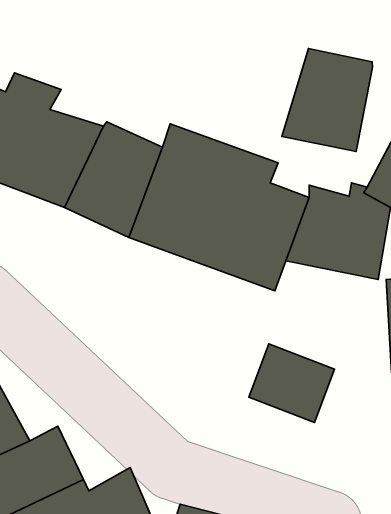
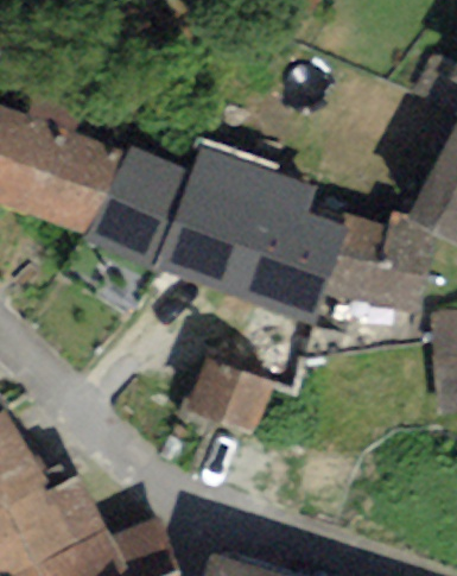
building: [282,48,372,152] -> none
building: [249,344,335,423] -> [180,354,272,438]

